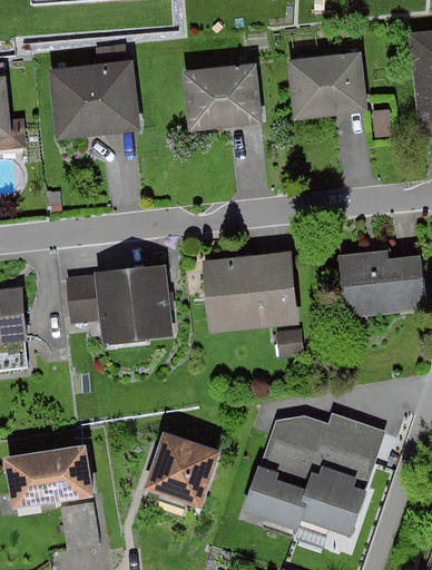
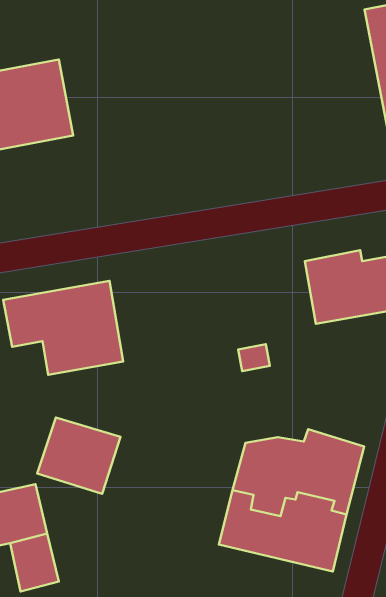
building: [286,50,365,118] -> none
building: [184,63,263,129] -> none
building: [196,246,297,333] -> none
building: [145,432,223,504] -> [37,418,120,494]

